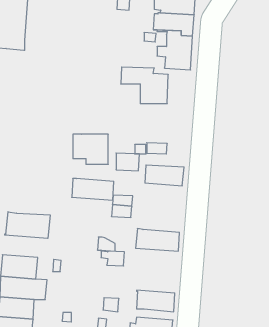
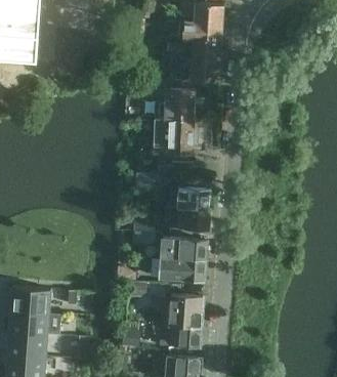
building: [73,134,108,164] -> [154,122,193,155]
building: [72,179,114,200] -> [163,209,209,233]
building: none -> [166,240,207,263]
building: [5,212,50,238] -> none
building: none -> [159,297,204,330]

